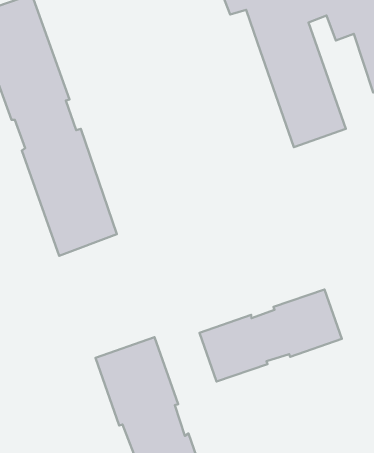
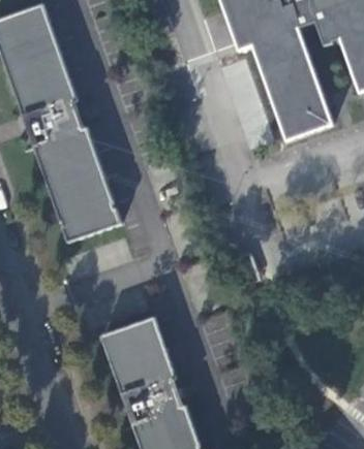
building: [200,289,342,382] -> none

